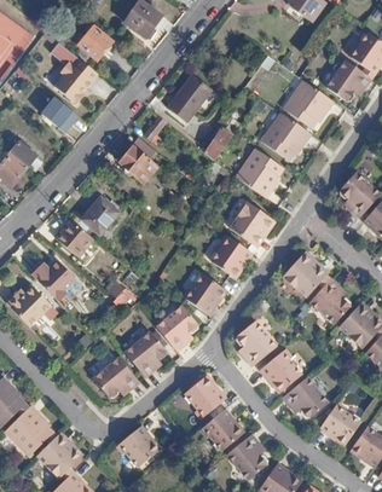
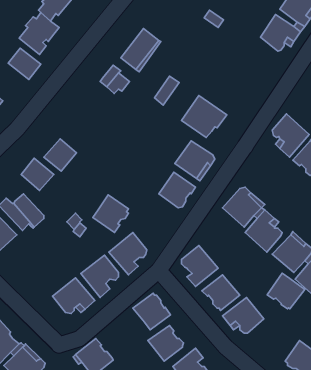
building: [280,79,331,126] -> none
building: [257,111,308,160] -> none
building: [120,138,156,175] -> none
building: [184,272,224,314] -> [93,195,129,233]
building: [318,403,360,442] -> [267,273,305,309]

